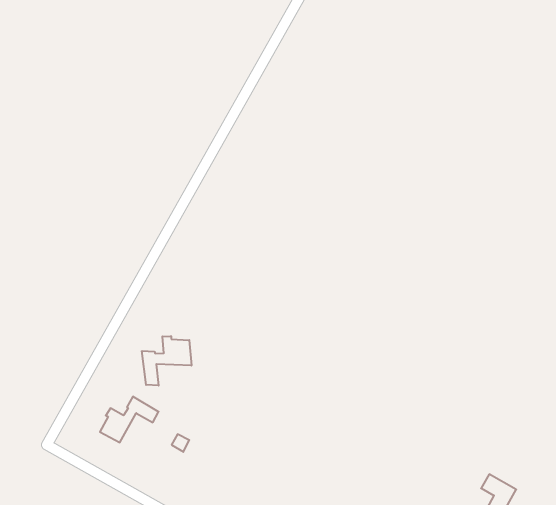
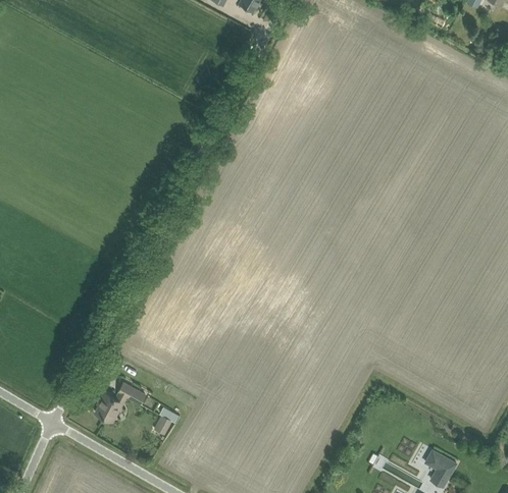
building: [142,336,191,386] -> none

